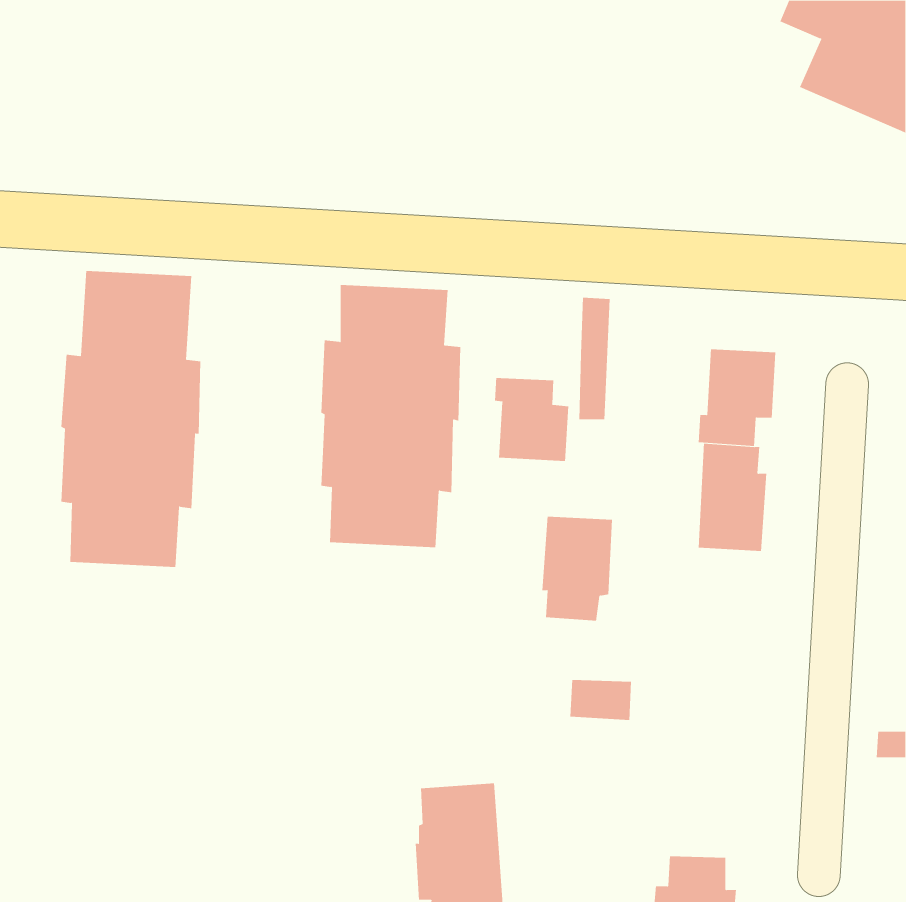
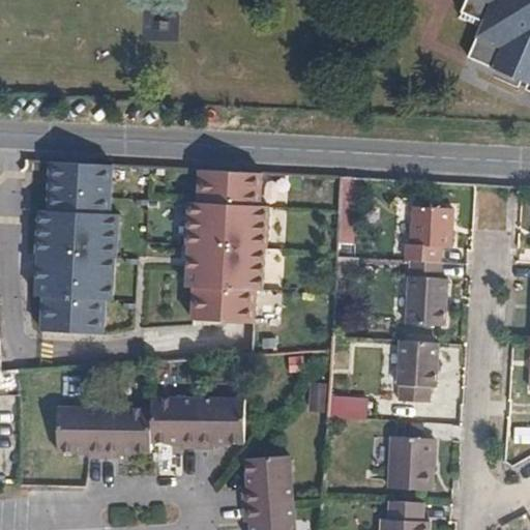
building: [495,377,569,462] -> none
building: [542,516,613,621] -> [396,342,438,403]
building: none -> [45,393,234,453]
building: none -> [387,437,435,491]

